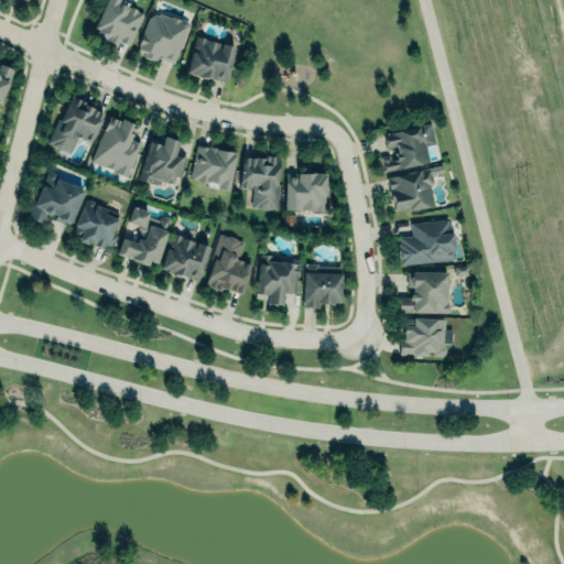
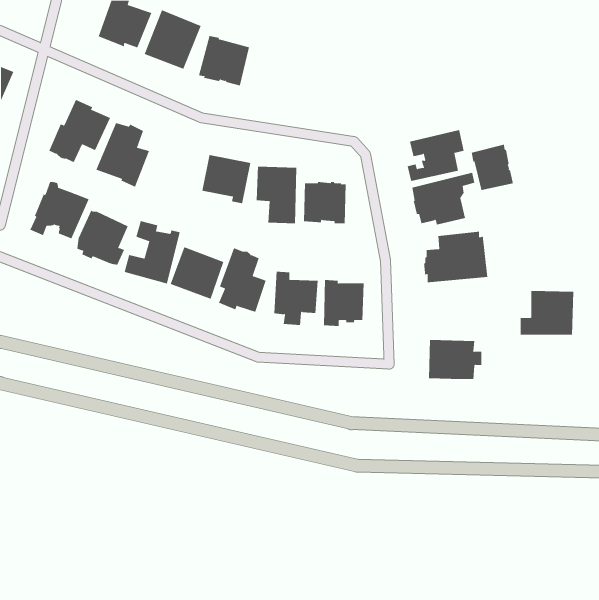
building: [141,135,191,186] -> none
building: none -> [471,144,513,191]
building: [401,272,452,314] -> [520,290,574,335]

